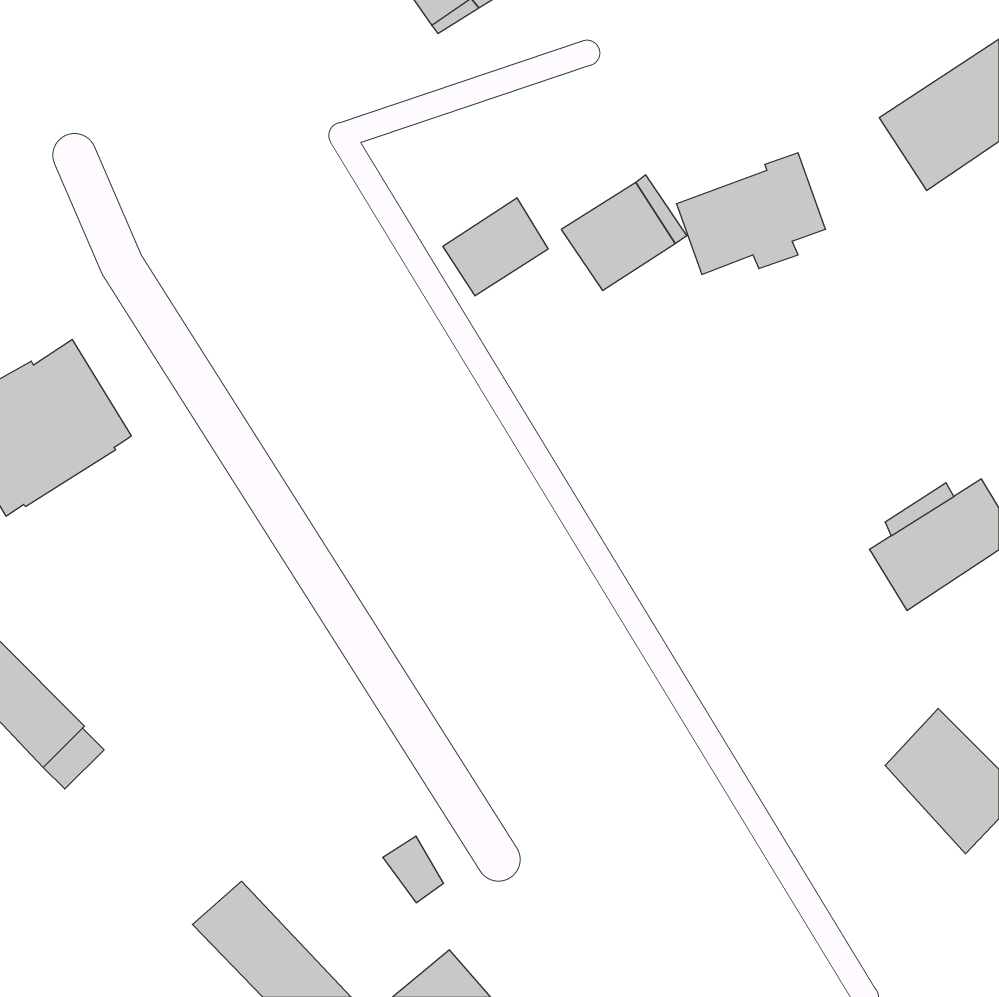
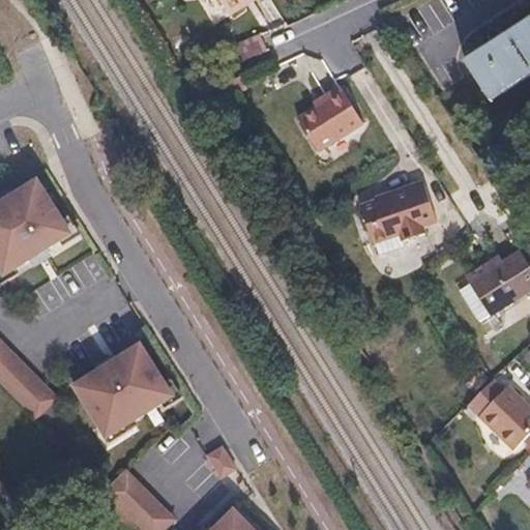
building: [676,153,826,274] -> [359,185,438,249]
building: [443,198,548,296] -> none
building: none -> [75,342,172,434]

